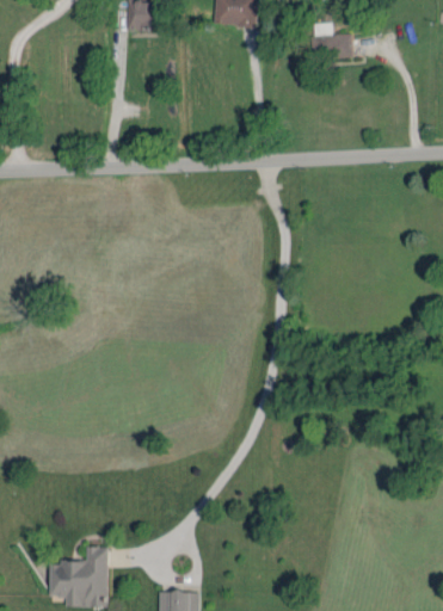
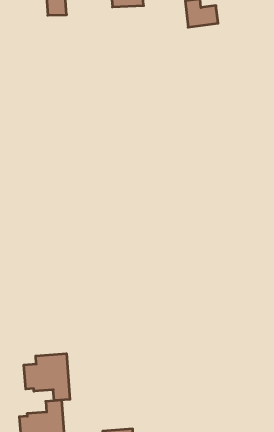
building: none -> [24,354,70,401]

